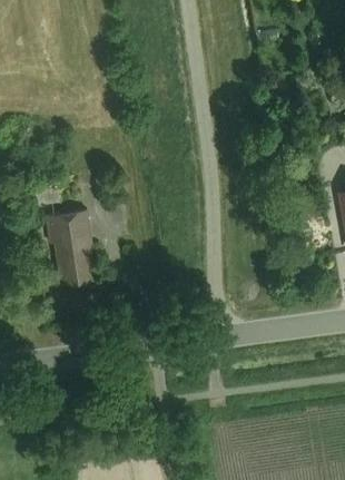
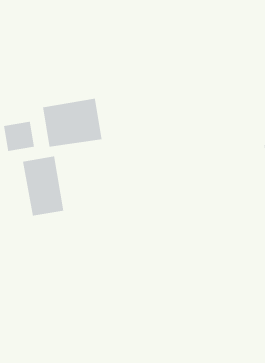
building: none -> [42,98,102,147]

